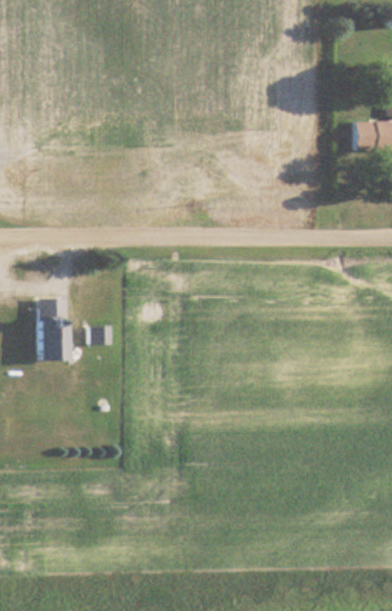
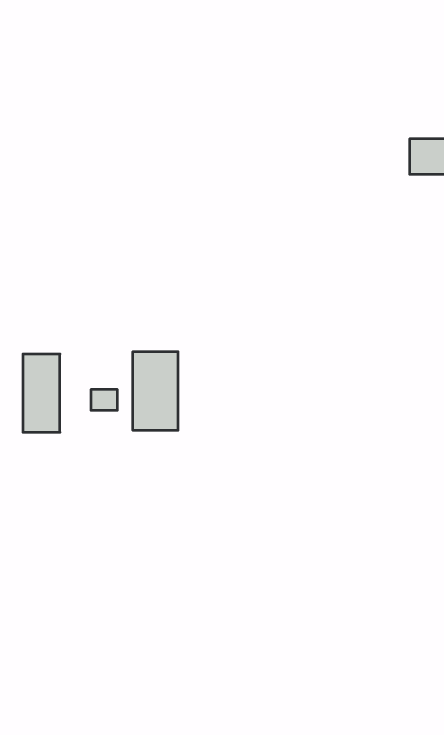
building: none -> [133,352,178,430]

